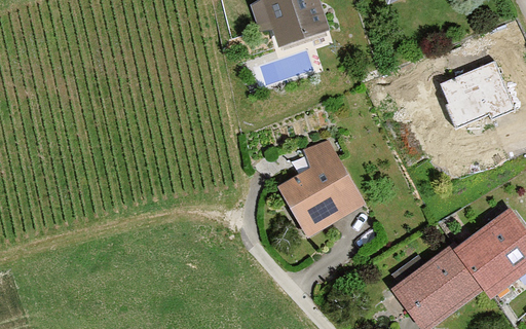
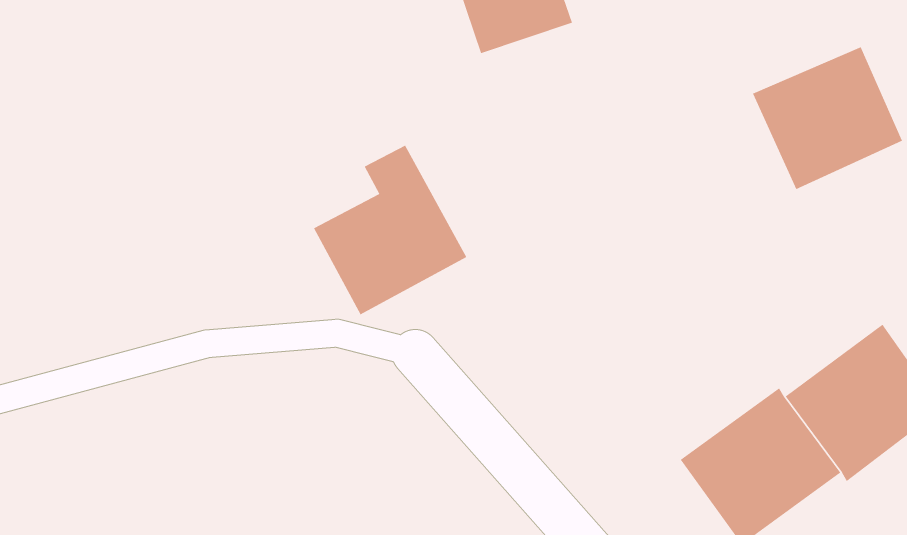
building: [276,140,364,236] -> [313,145,467,315]

